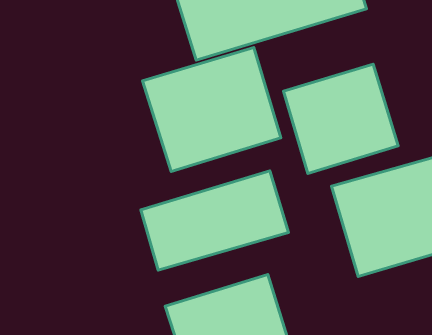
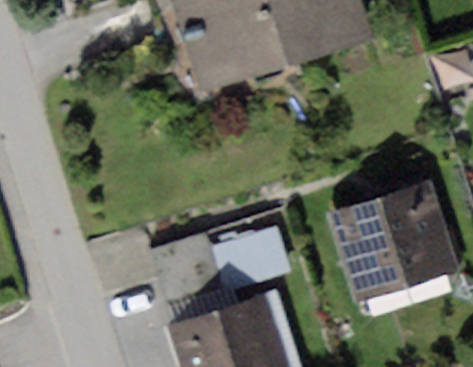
building: [142,48,281,171] -> none
building: [283,64,398,173] -> none

